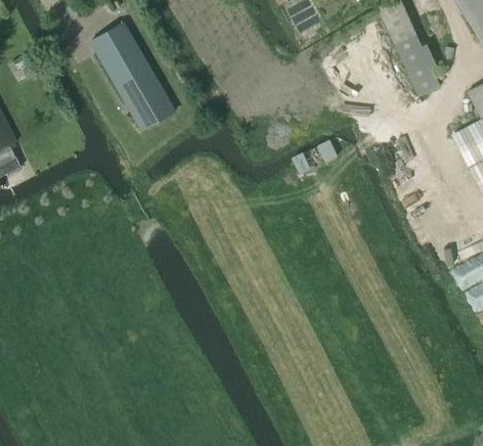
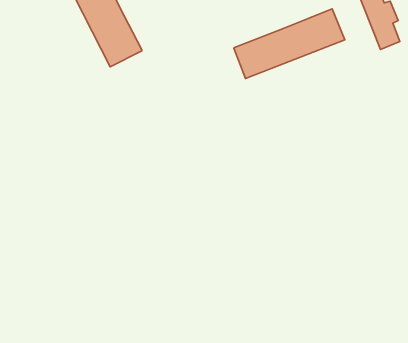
building: none -> [234,9,345,78]

